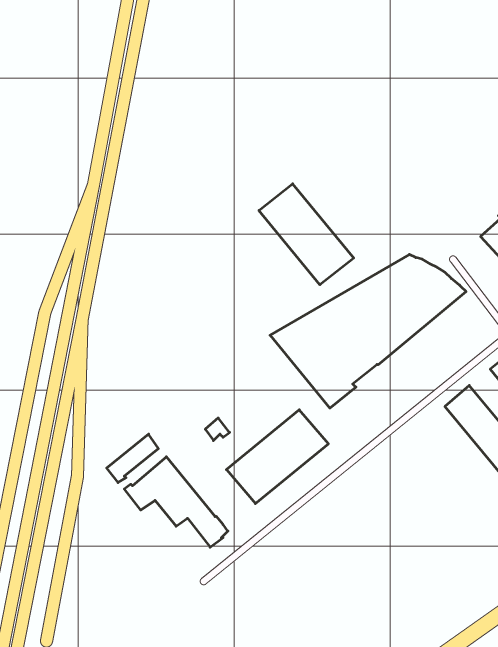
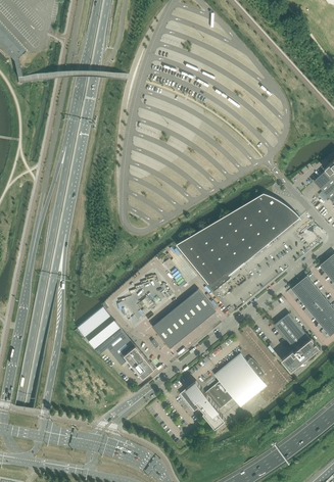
building: [259,184,354,285] -> none
building: none -> [273,314,318,372]
building: none -> [178,353,266,428]

